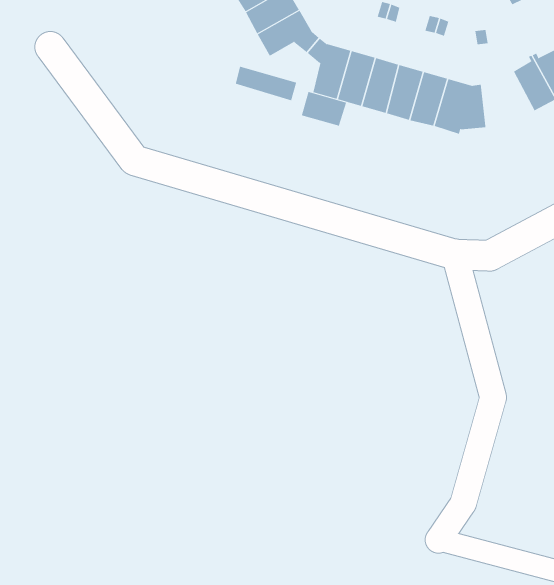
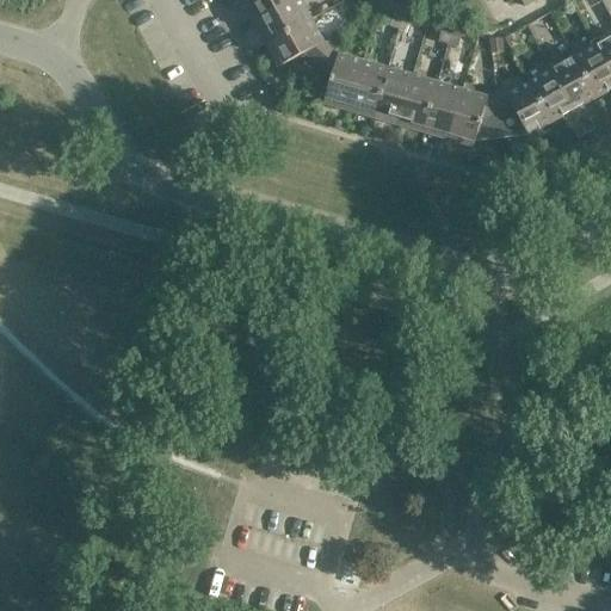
building: [235,66,297,101] -> none
building: none -> [496,81,550,137]
building: [301,91,347,126] -> none

